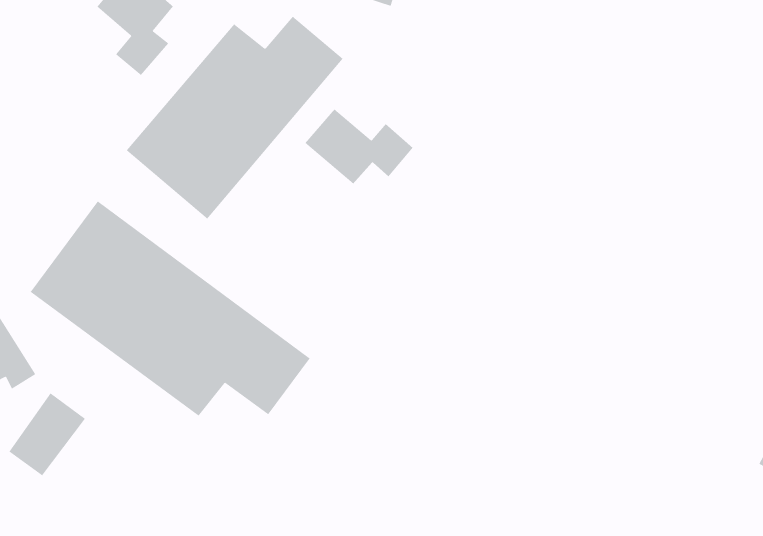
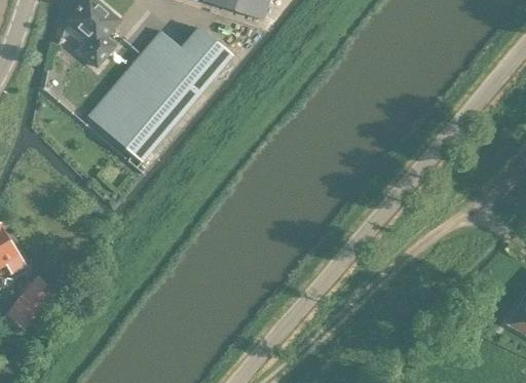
building: [304,109,414,184] -> none
building: [30,200,310,416] -> none

